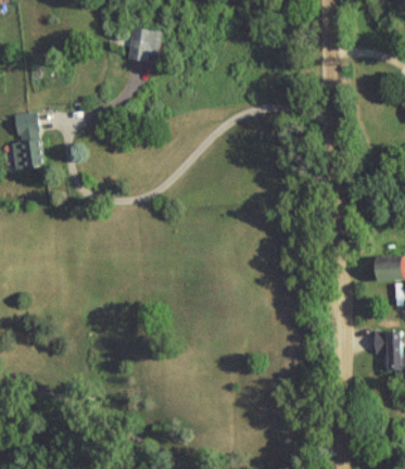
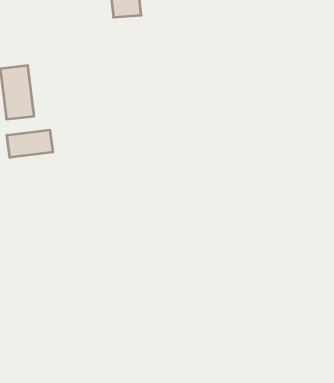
building: none -> [7,130,53,158]

